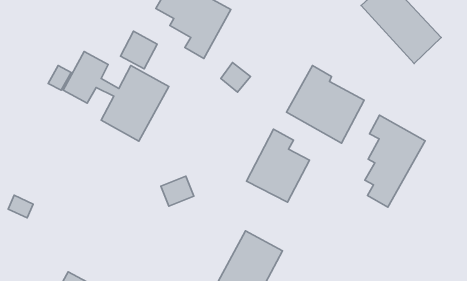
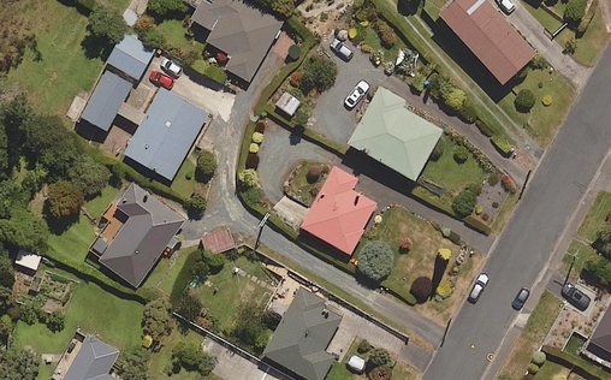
building: [120,31,157,69] -> [109,32,154,78]
building: [365,115,425,207] -> none
building: none -> [100,184,183,286]

